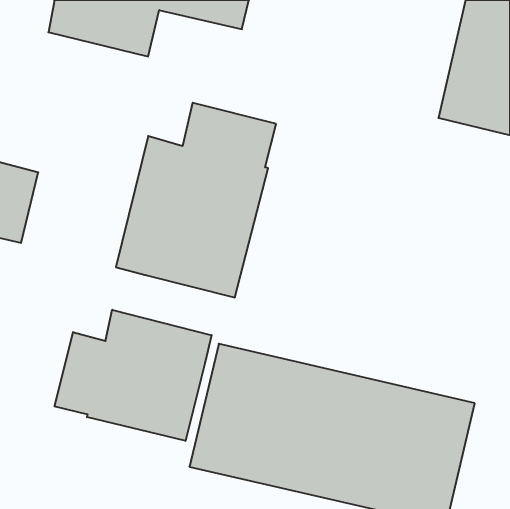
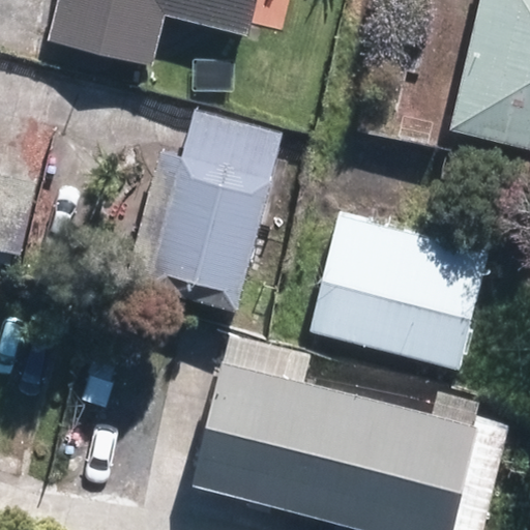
building: none -> [307,212,491,369]
building: [55,310,212,441] -> none

